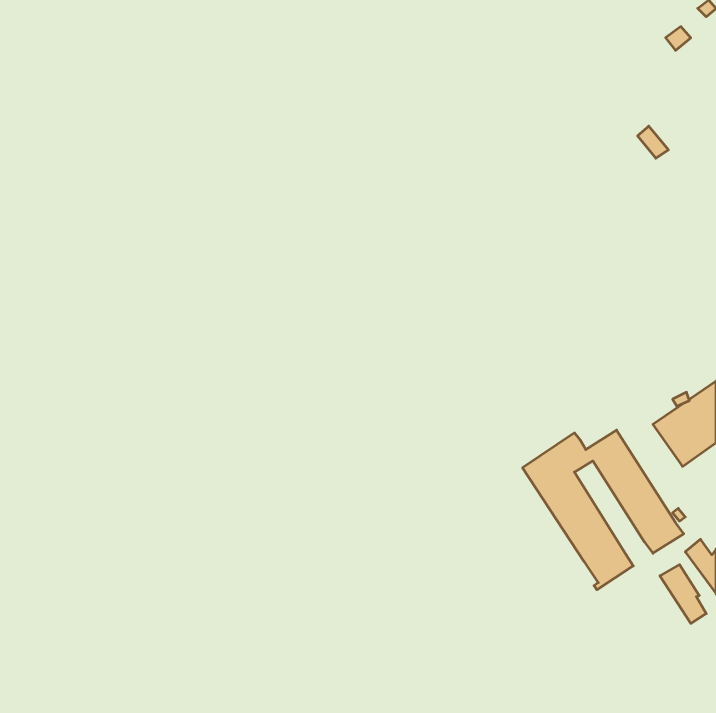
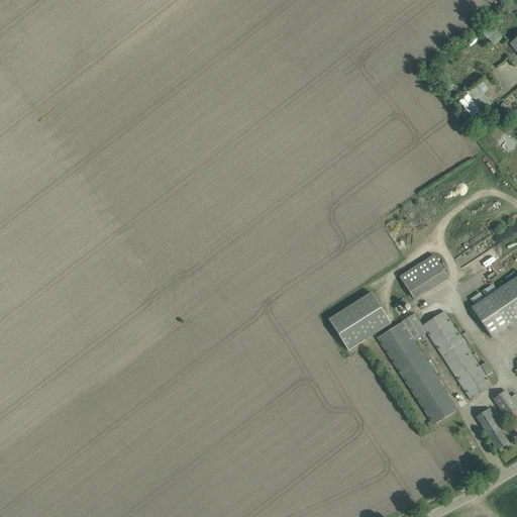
building: none -> [401,252,451,299]
building: none -> [330,291,393,348]

